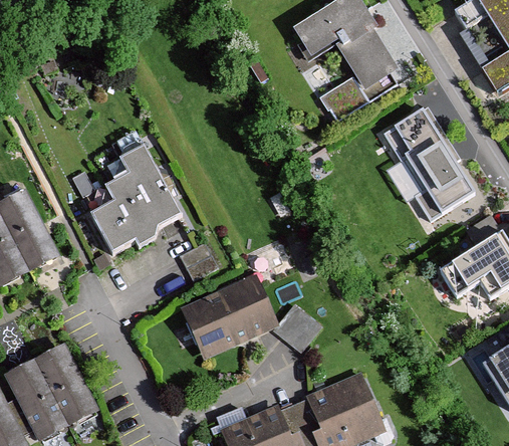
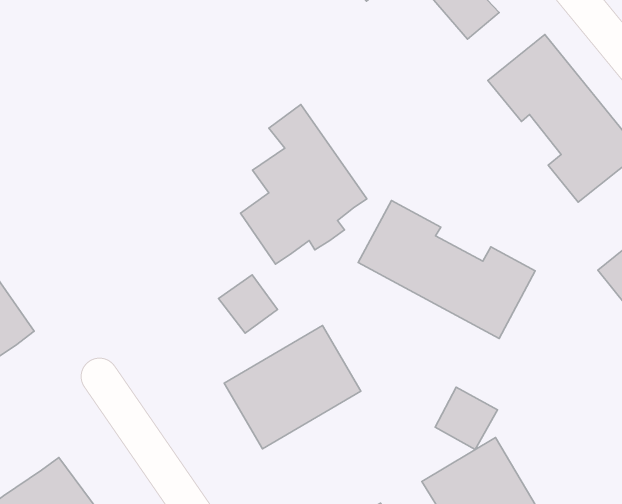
building: [322,72,372,120] -> none
building: [88,147,176,253] -> [241,105,367,264]
building: none -> [358,200,535,339]
building: [276,305,320,350] -> [435,387,498,450]

